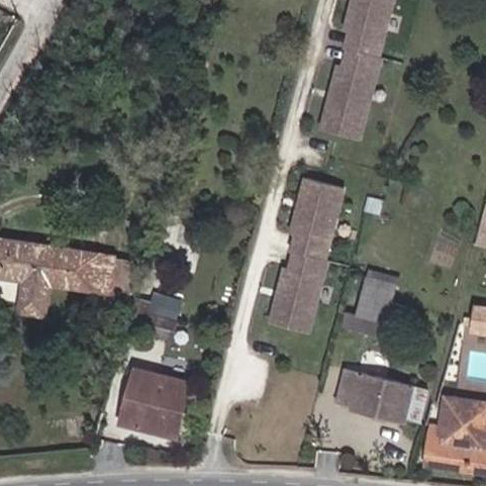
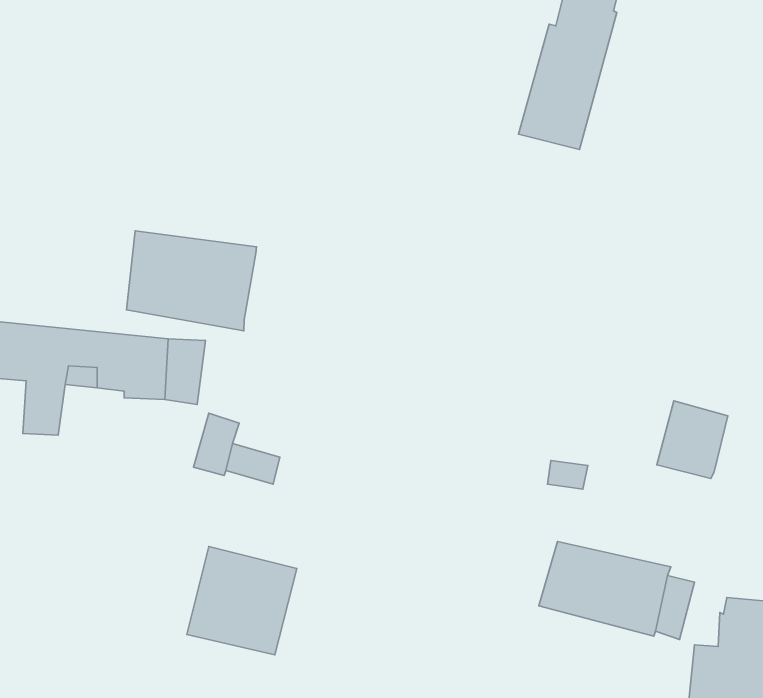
building: [269,174,342,328] -> none
building: none -> [126,231,256,331]
building: [350,280,392,326] -> [657,401,728,478]

